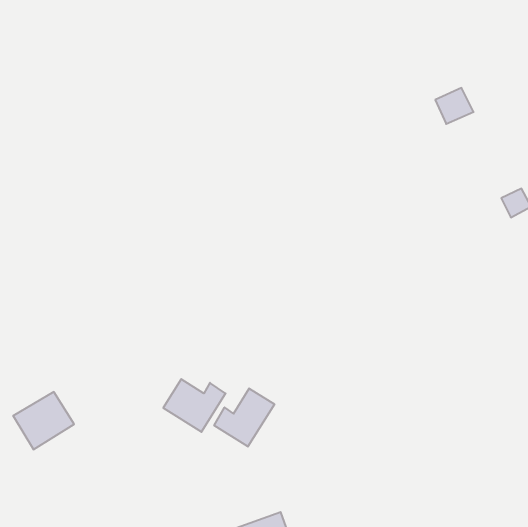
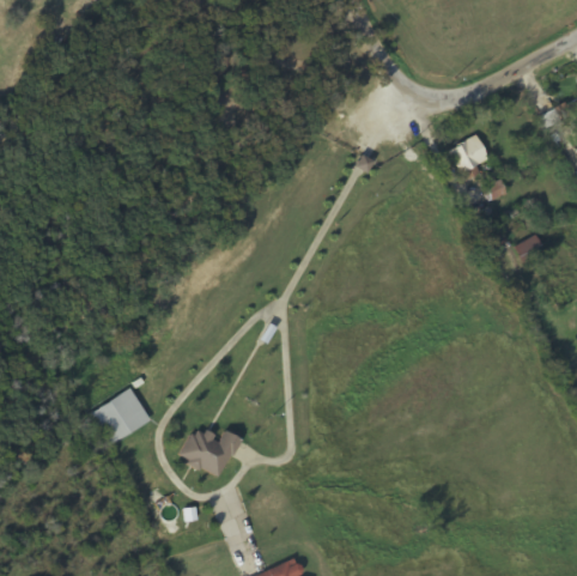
building: [214,388,274,447] -> none
building: [13,392,74,449] -> [90,387,151,444]

